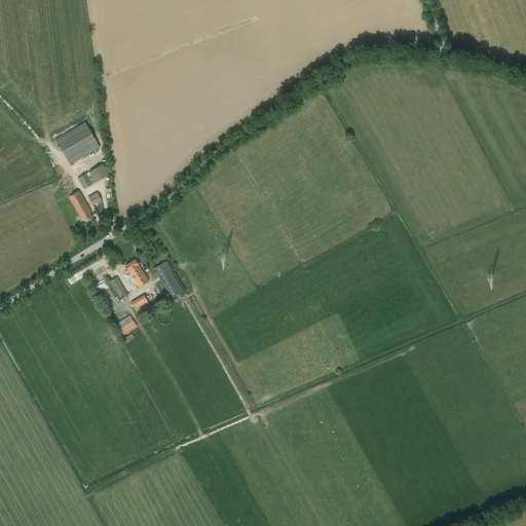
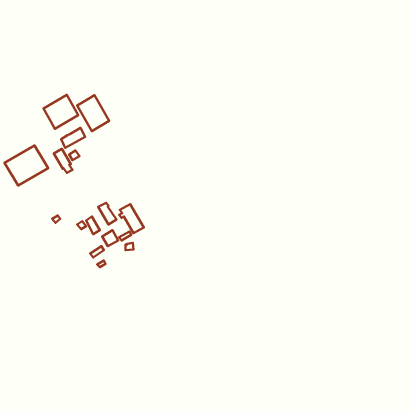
building: none -> [77,95,109,131]
building: none -> [4,145,48,185]

